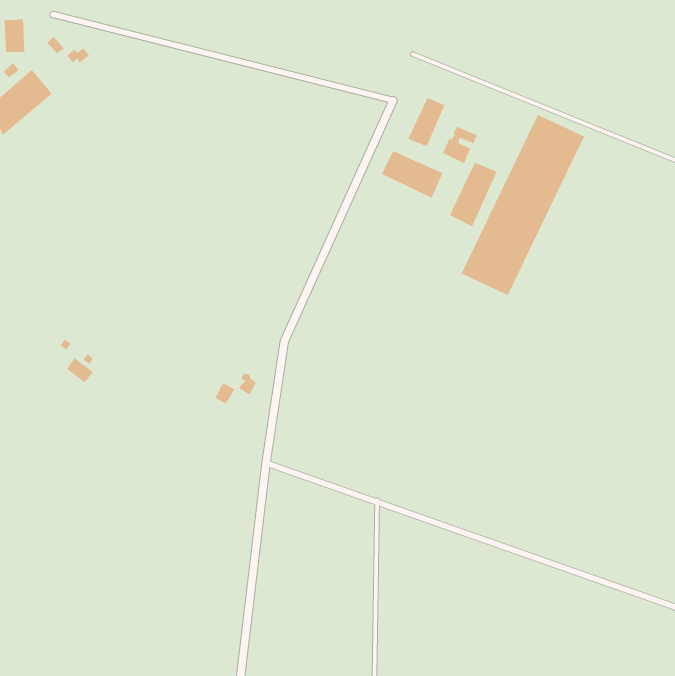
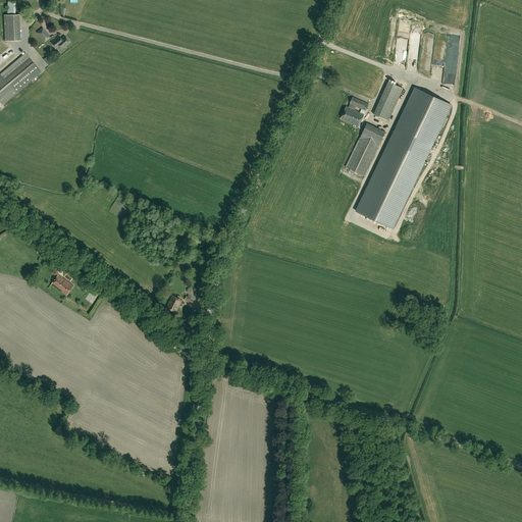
building: [407,97,446,147] -> [372,82,402,120]
building: [381,149,443,199] -> none

